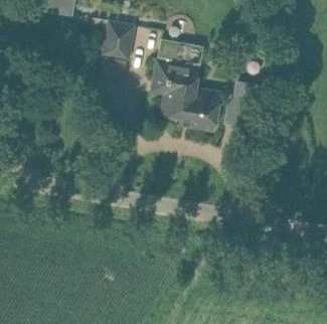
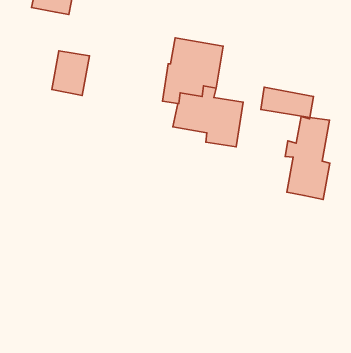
building: [102,21,134,59] -> [52,51,89,95]
building: none -> [285,117,330,200]

